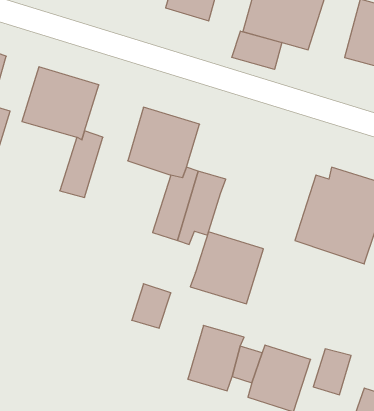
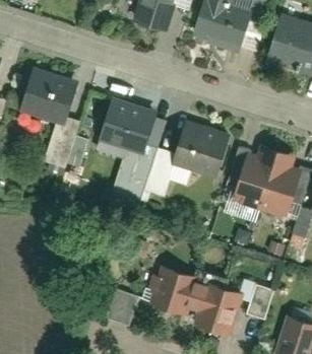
building: [232,31,282,69] -> none
building: [190,232,263,304] -> [173,122,230,178]
building: [132,284,171,328] -> [107,290,137,325]

